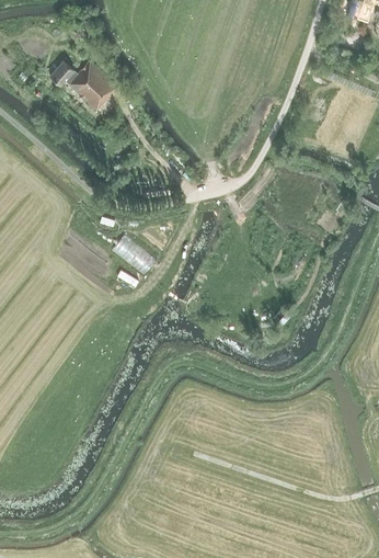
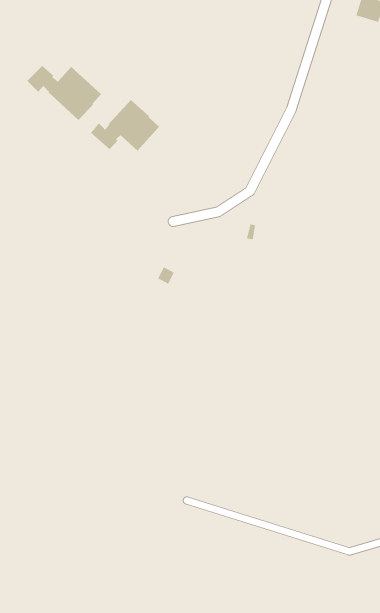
building: none -> [90,99,160,151]

